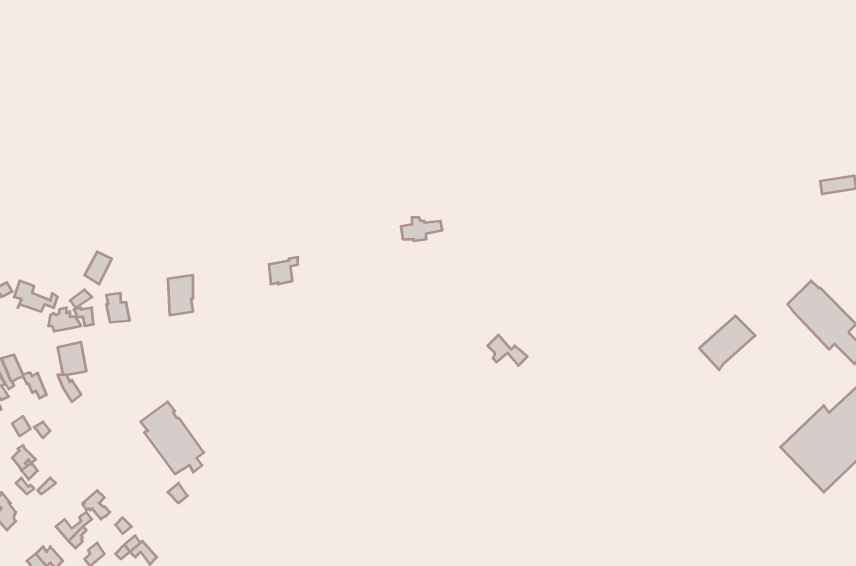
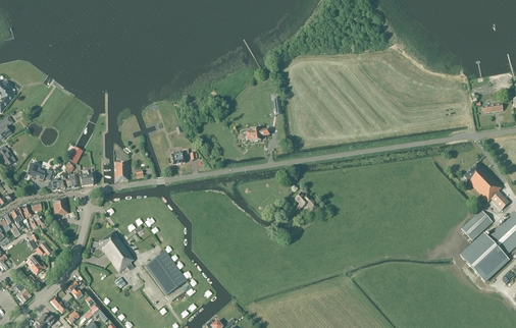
building: [699,316,755,370] -> [461,211,493,241]
building: none -> [145,252,187,295]

